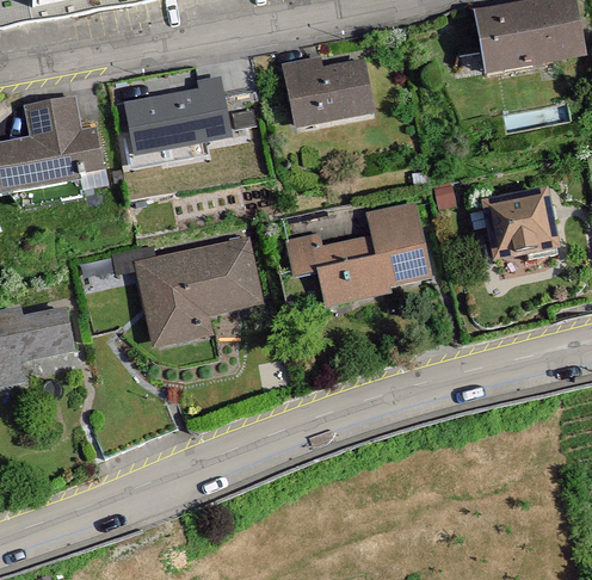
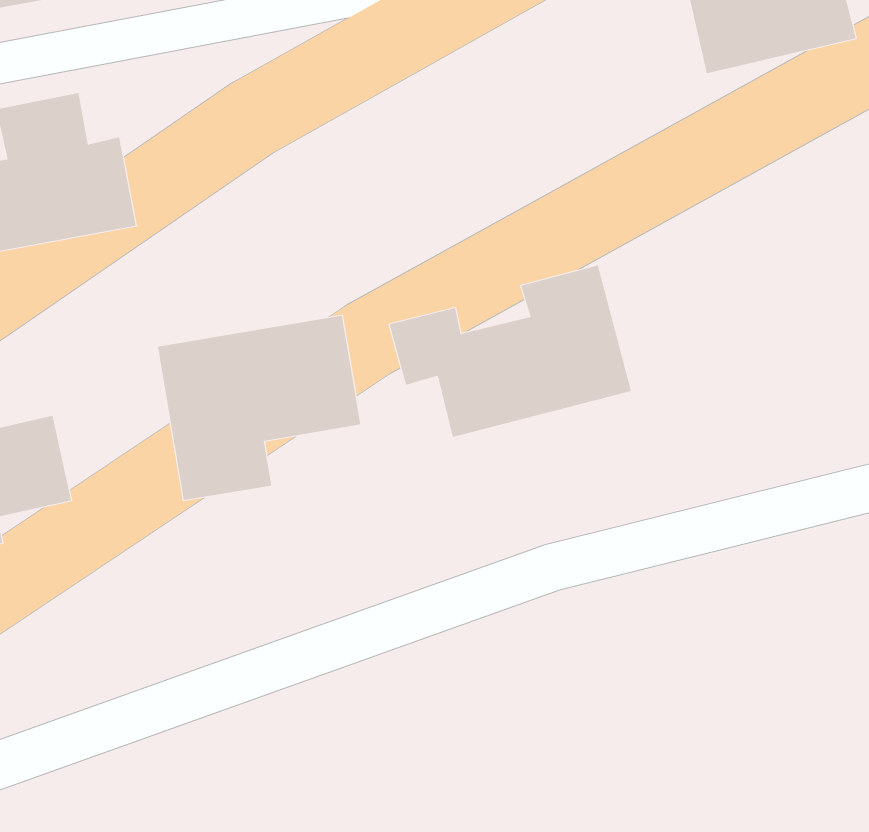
building: [282,51,377,124] -> none
building: [131,84,232,153] -> none
building: [474,180,551,258] -> none

